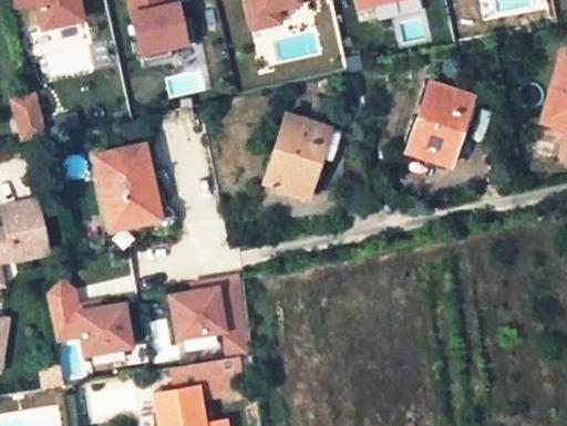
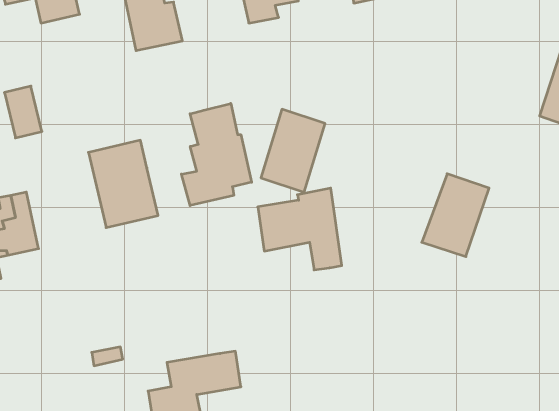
building: [408,83,475,166] -> [422,174,489,257]
building: none -> [181,103,252,206]
building: [168,277,252,359] -> [258,188,342,270]
building: [47,279,134,356] -> none

